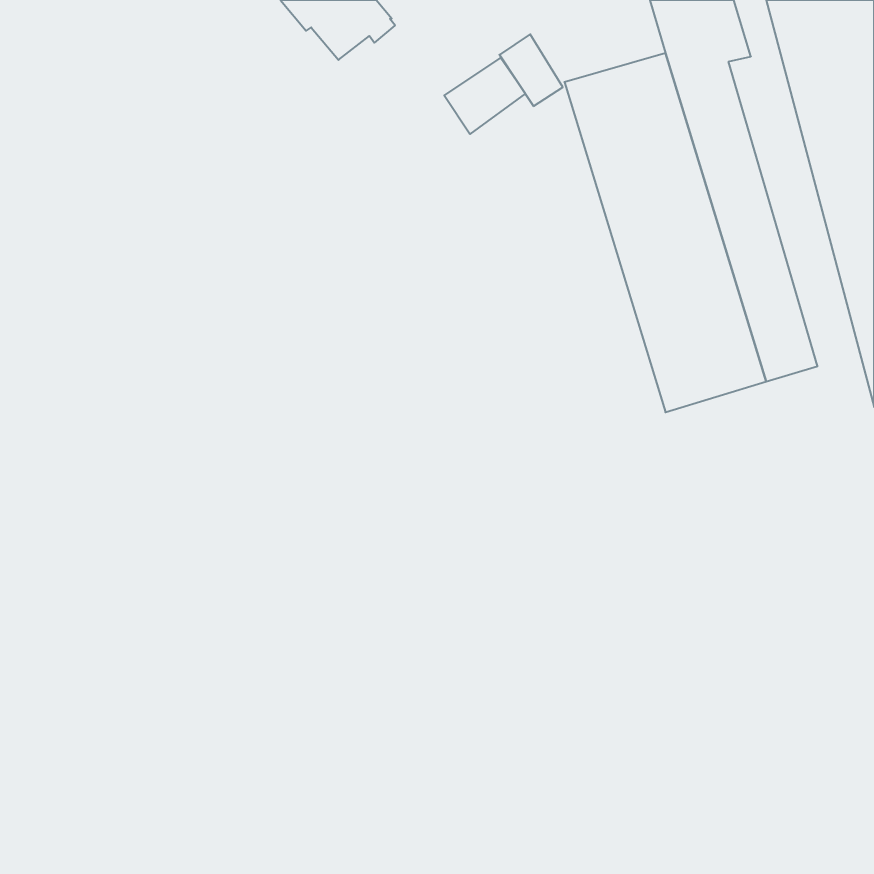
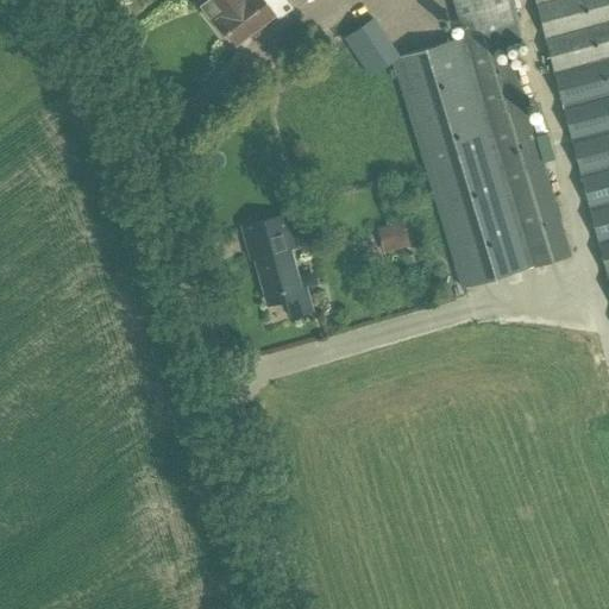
building: [444,58,525,134] -> none
building: none -> [243,213,314,315]
building: none -> [376,219,408,251]

